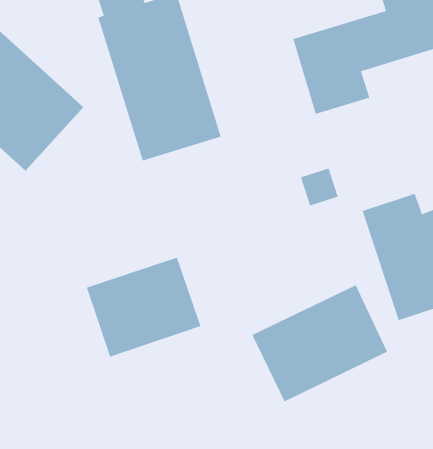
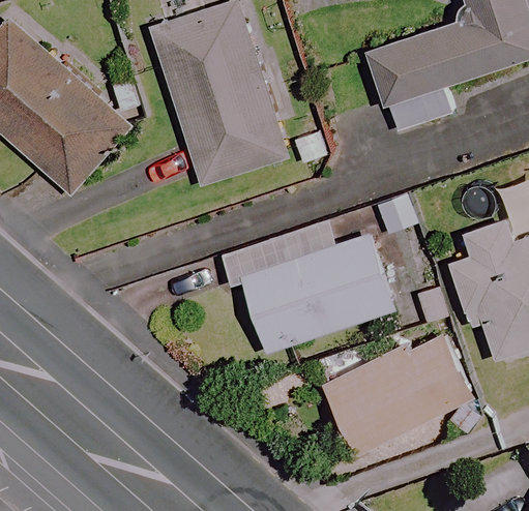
building: none -> [223,219,395,354]
building: [86,257,201,357] -> none

